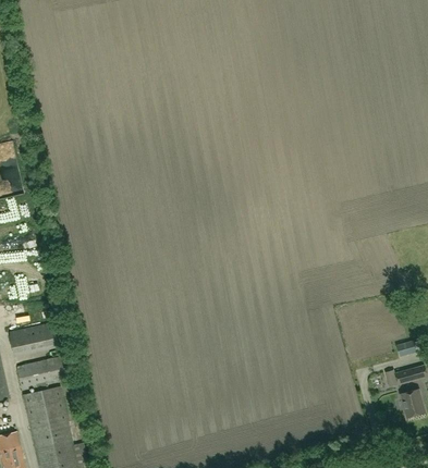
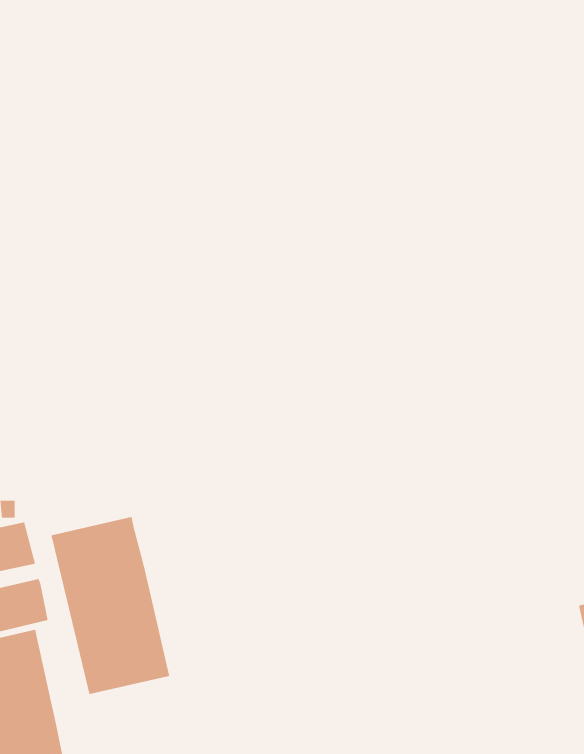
building: none -> [51,516,170,695]

